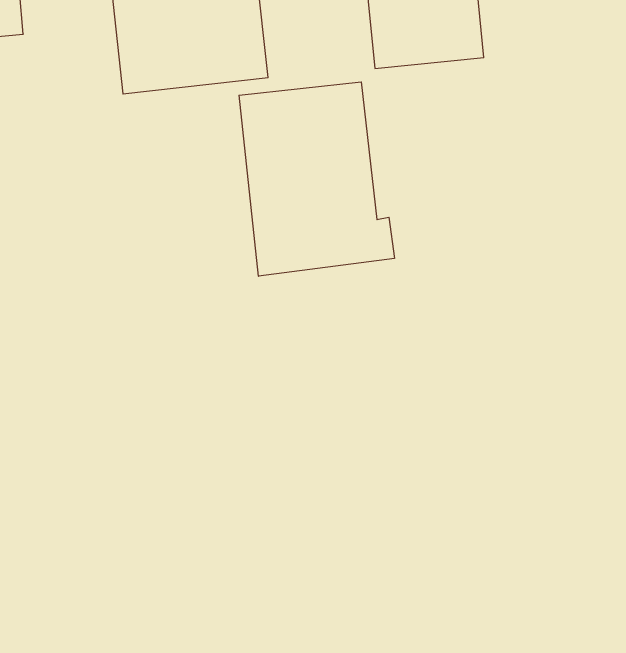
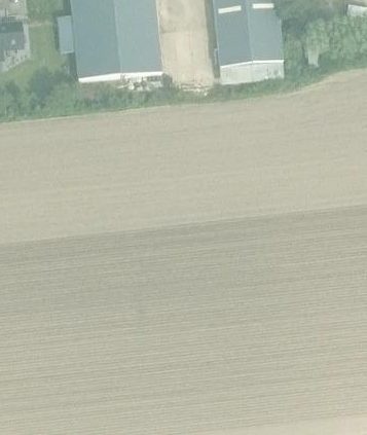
building: [239,82,394,276] -> none

